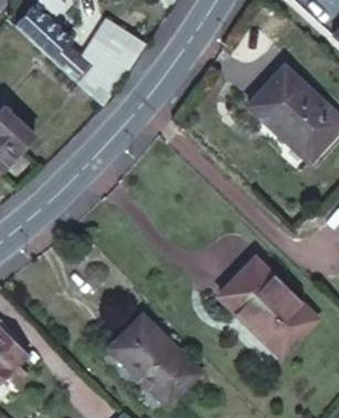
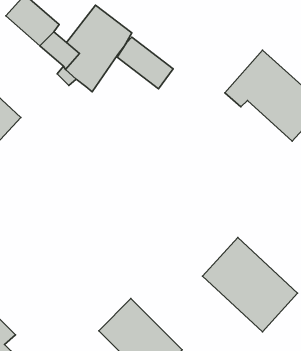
building: none -> [117,37,173,89]

